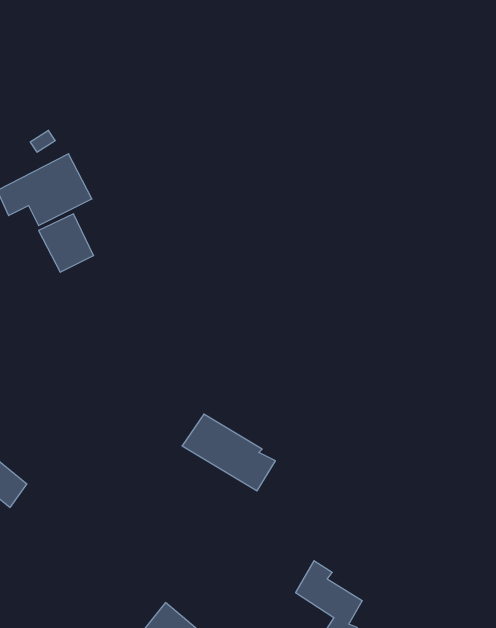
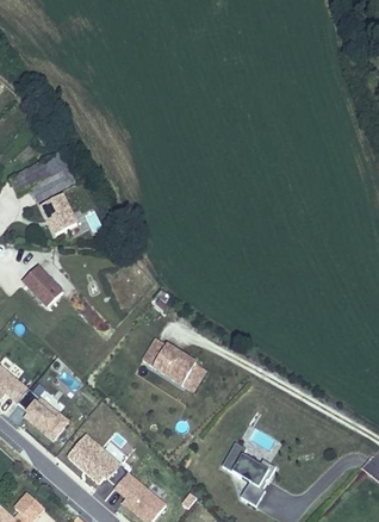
building: none -> [21,266,63,306]
building: none -> [23,396,70,441]
building: none -> [66,433,122,483]

